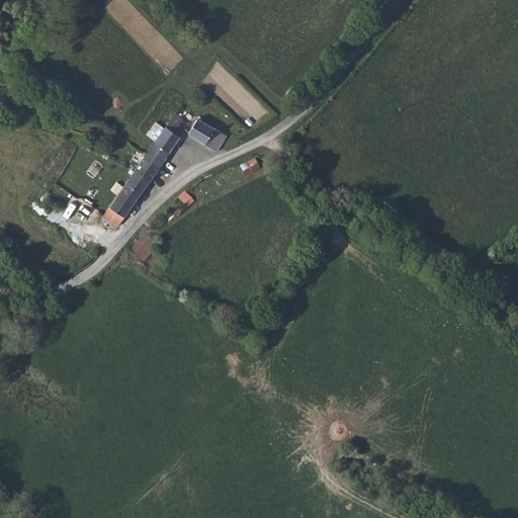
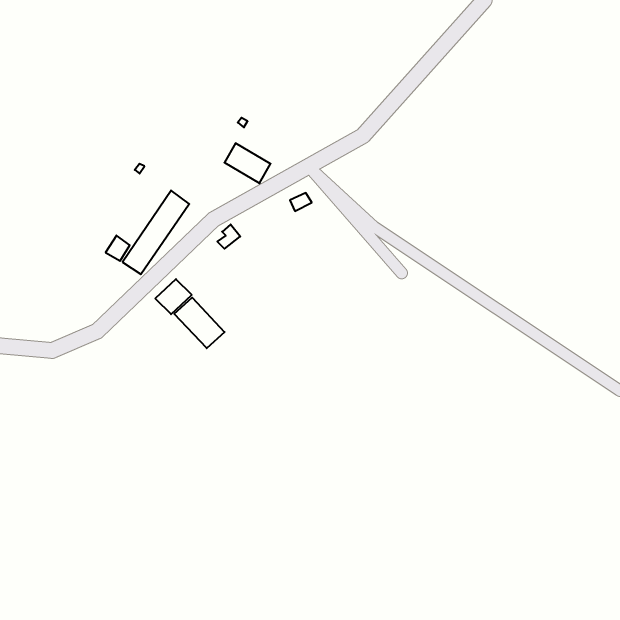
building: [143,115,188,170] -> none
building: none -> [174,298,225,348]

